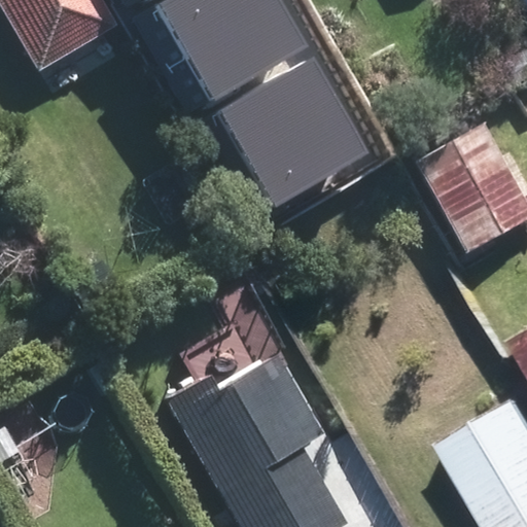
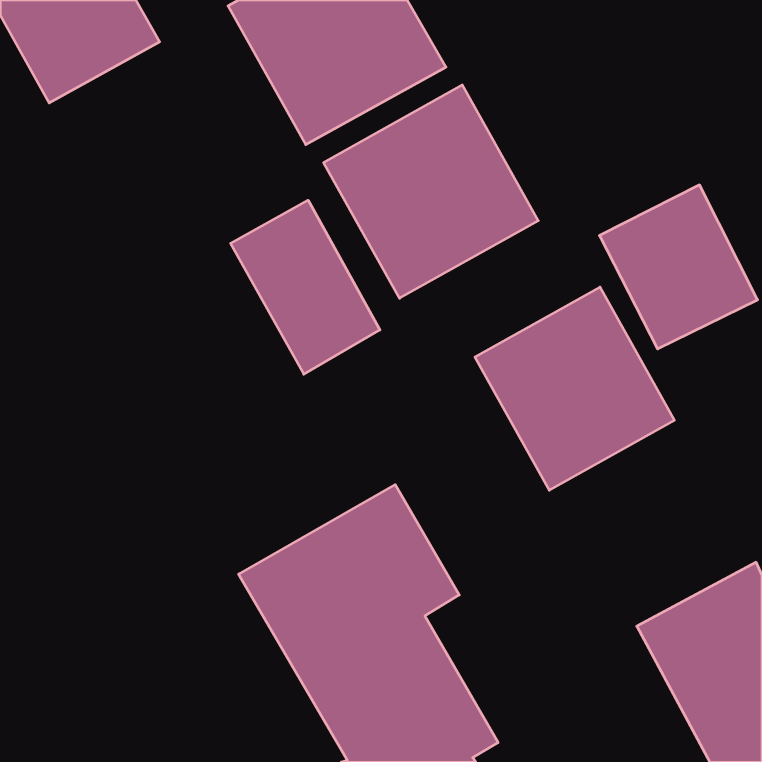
building: none -> [231,200,380,374]
building: none -> [475,287,674,490]

